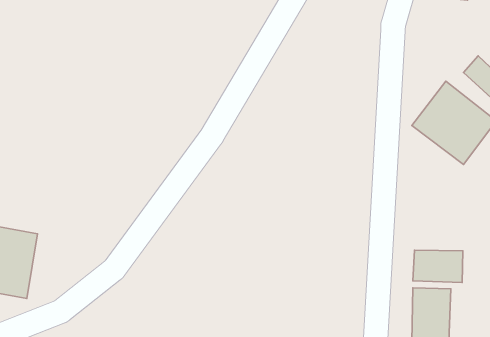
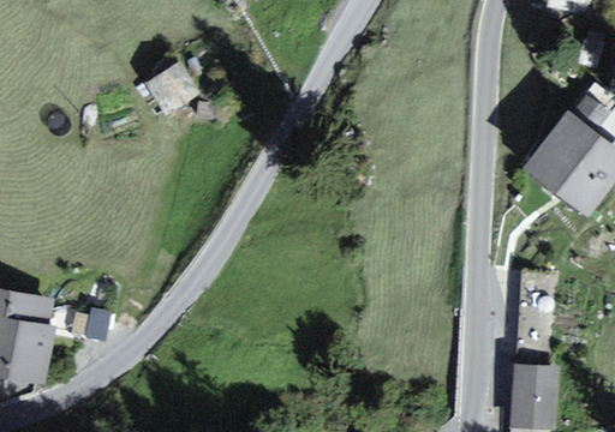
building: none -> [143,56,201,113]
building: [413,250,463,282] -> none

